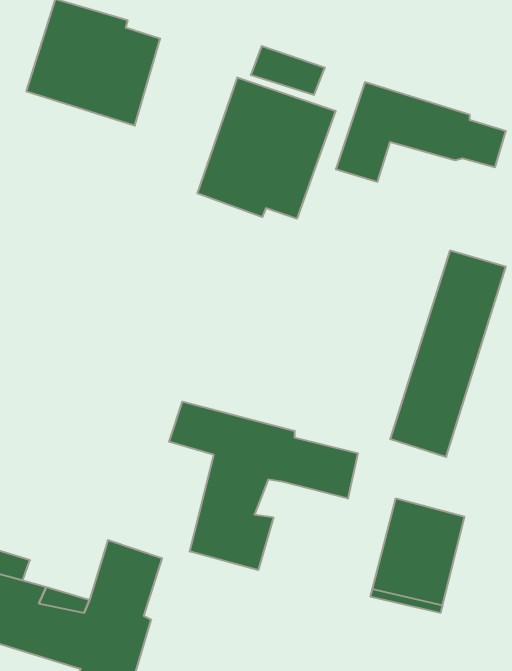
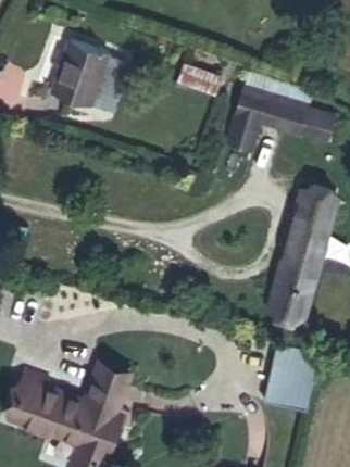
building: [198,77,336,219] -> none
building: [169,402,358,570] -> none

